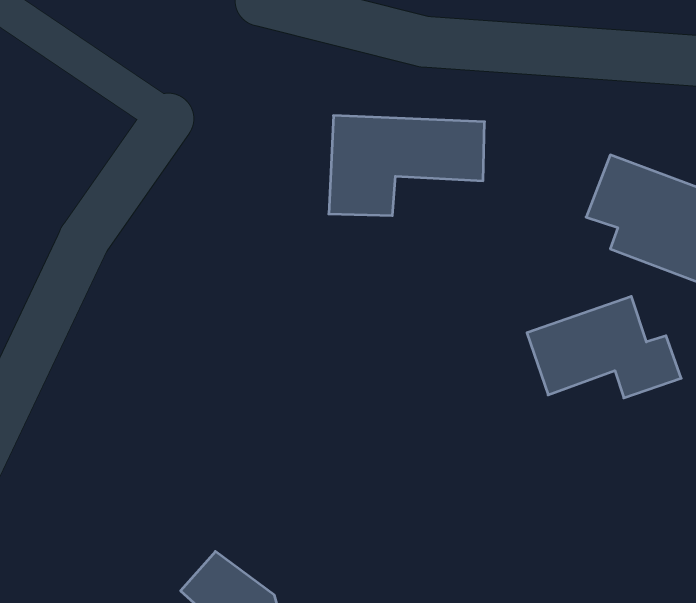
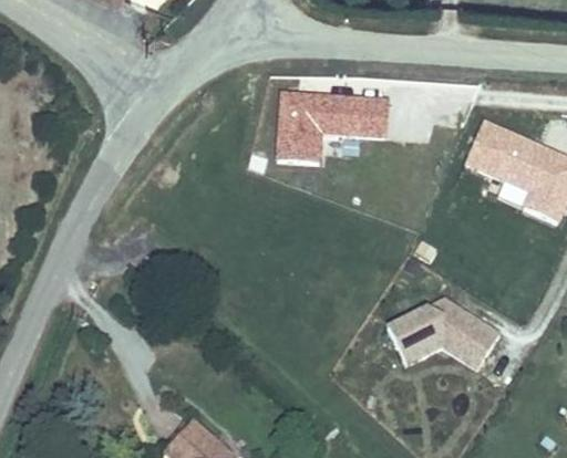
building: [527,296,681,398] -> [389,300,502,374]

